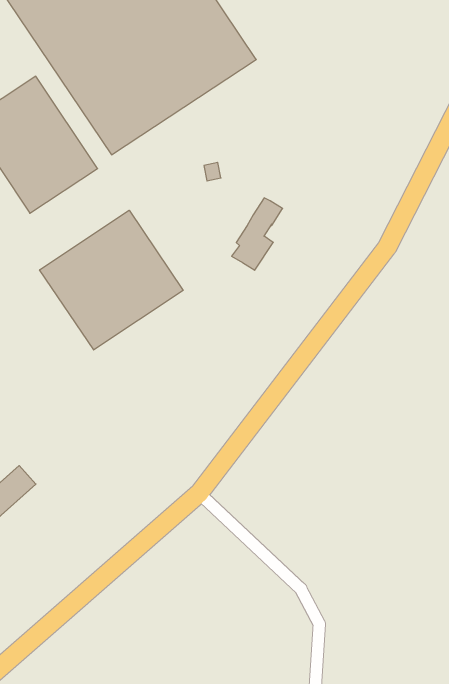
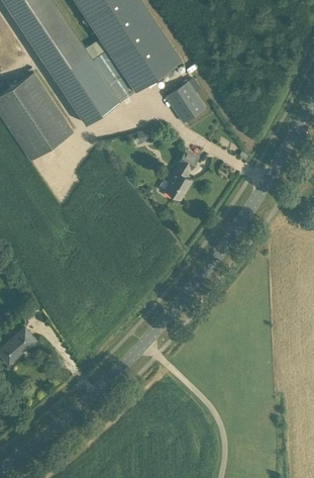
building: none -> [165,81,203,121]
building: [40,210,183,350] -> none

